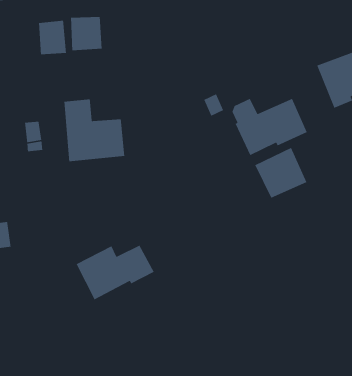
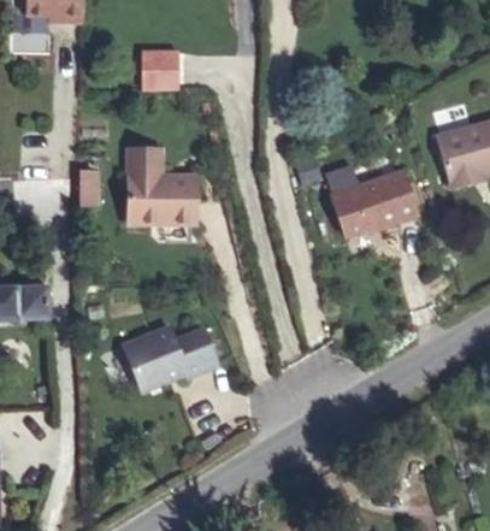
building: [38,20,67,55] -> none
building: [254,147,308,199] -> none

